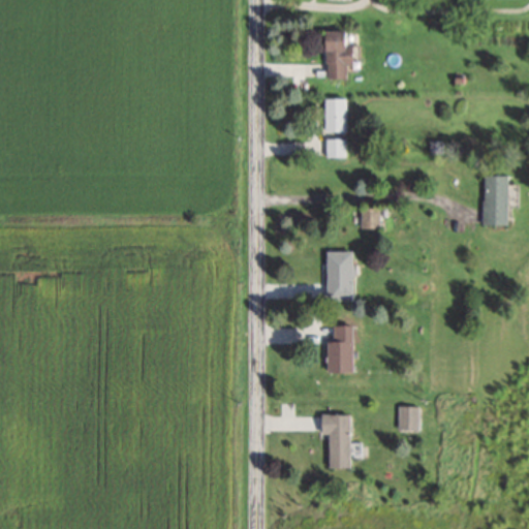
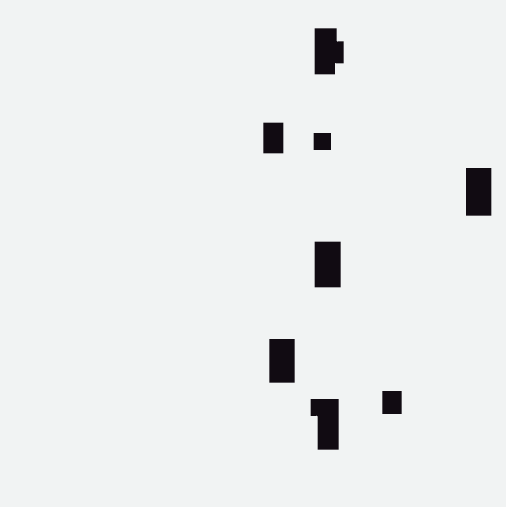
building: [323,99,346,132] -> [262,122,284,154]
building: [359,209,378,228] -> none
building: [328,326,355,373] -> [268,339,295,383]

